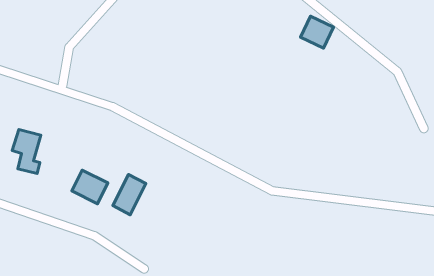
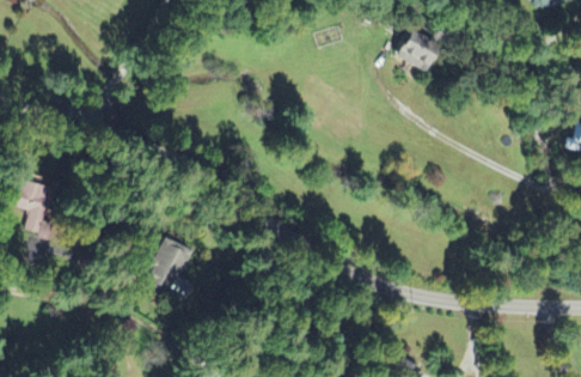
building: [72,170,108,204] -> none

